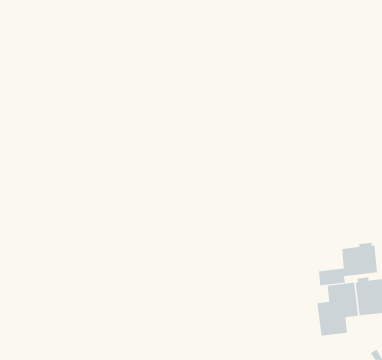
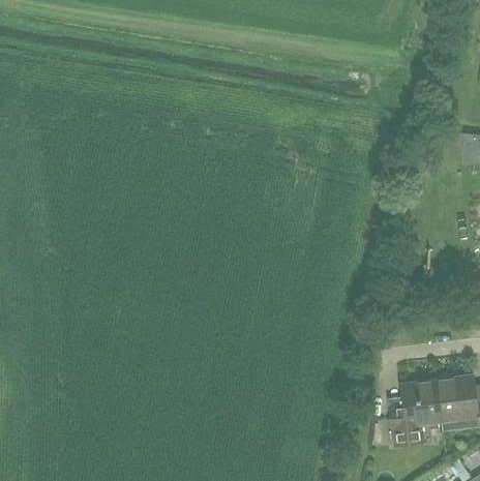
building: [318,242,378,286] -> none

